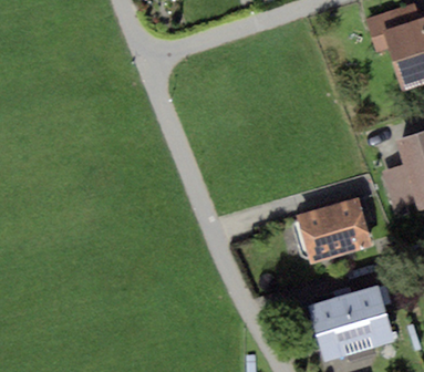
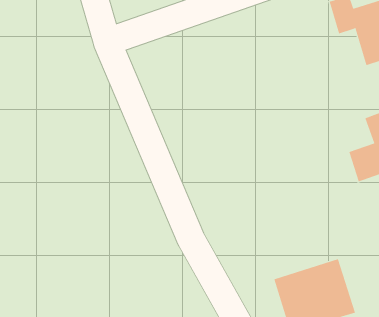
building: [301,197,372,259] -> none

